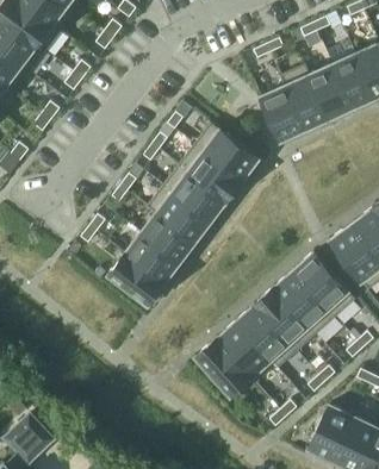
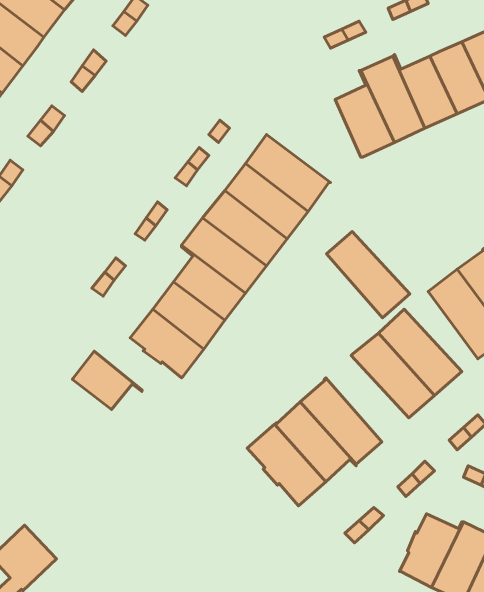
building: none -> [73,351,142,410]
building: [254,288,316,352] -> [326,231,410,318]

